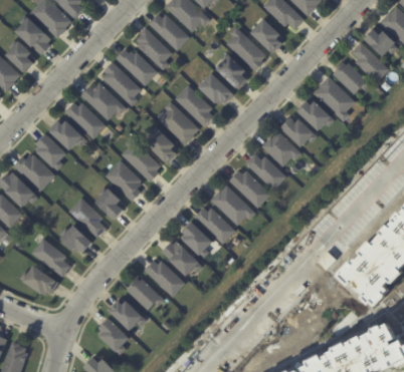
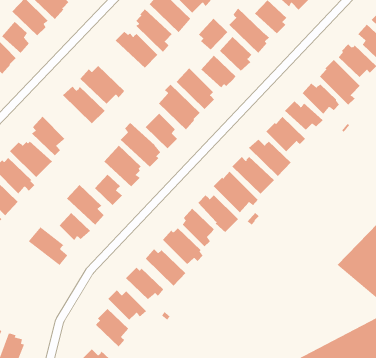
building: none -> [198,18,228,50]
building: [102,62,142,106] -> none
building: [49,120,86,149] -> none
building: [19,265,58,296] -> none

